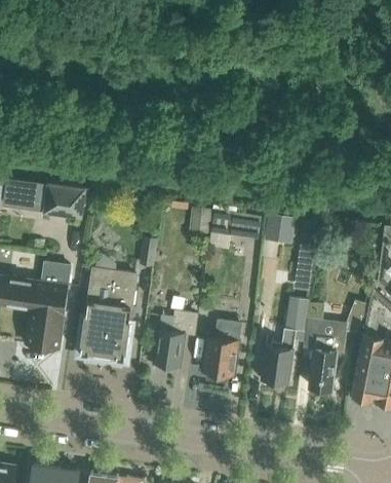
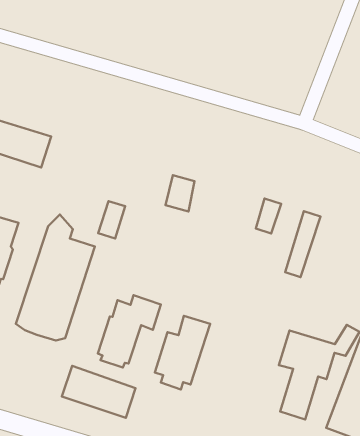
building: [216,211,262,238] -> none
building: [262,297,309,384] -> none
building: none -> [62,366,136,418]

